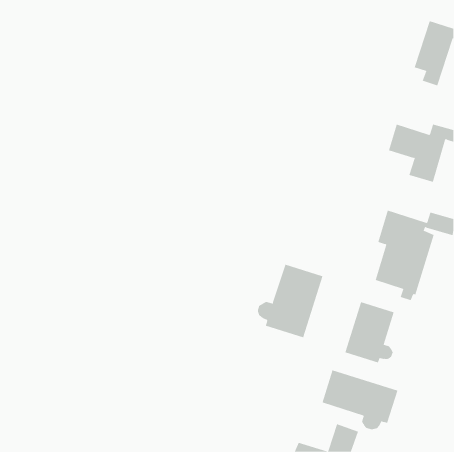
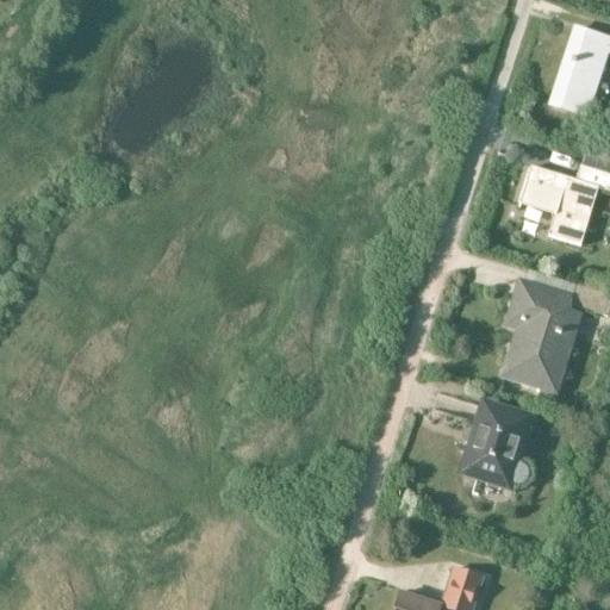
building: [257,264,323,338] -> none
building: [322,369,398,430] -> none

